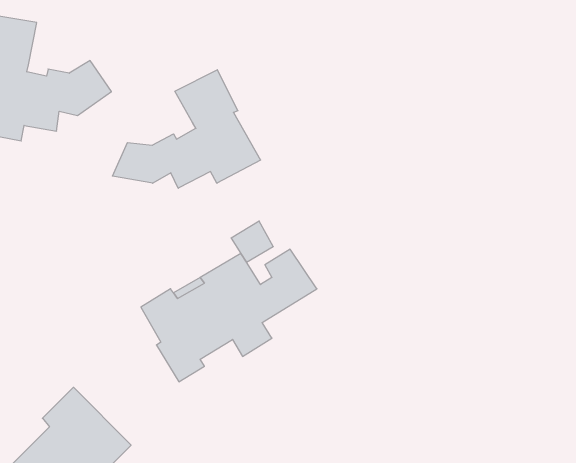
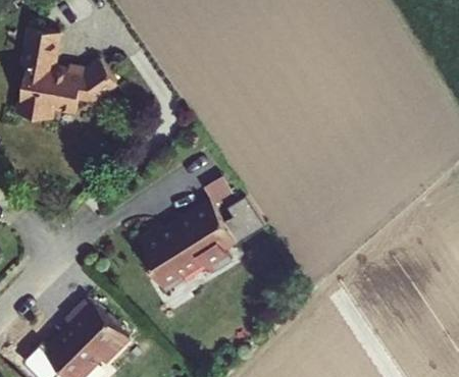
building: [112,70,261,188] -> none

